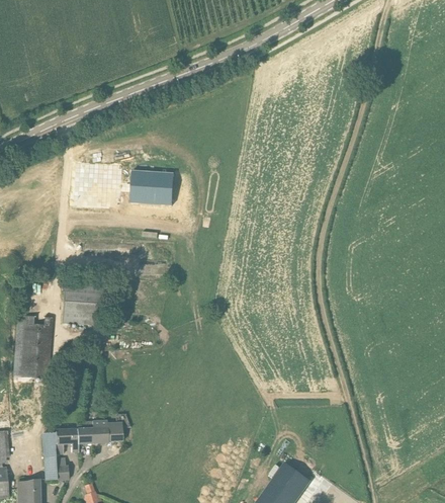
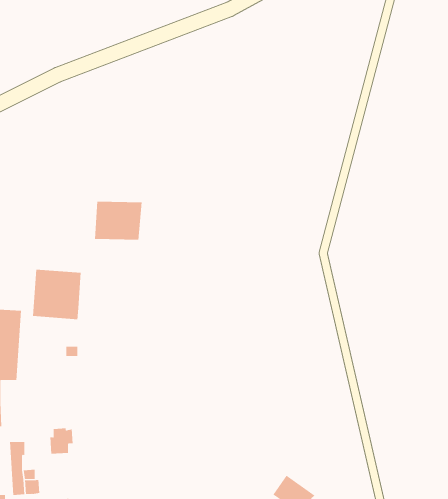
building: [128,168,171,202] -> [94,201,143,240]
building: [95,422,123,443] -> none
building: [57,429,79,453] -> none

